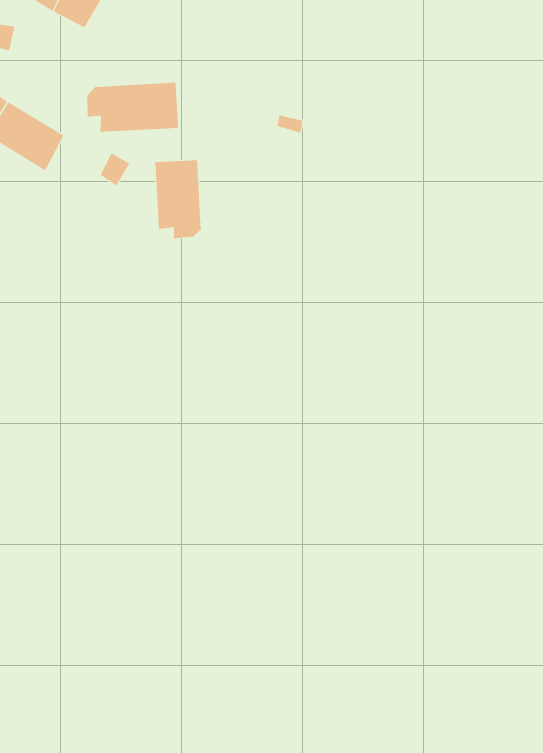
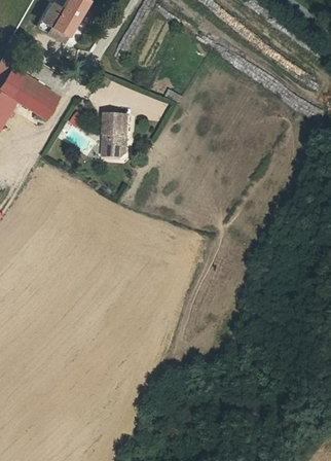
building: [87,82,179,133] -> none

